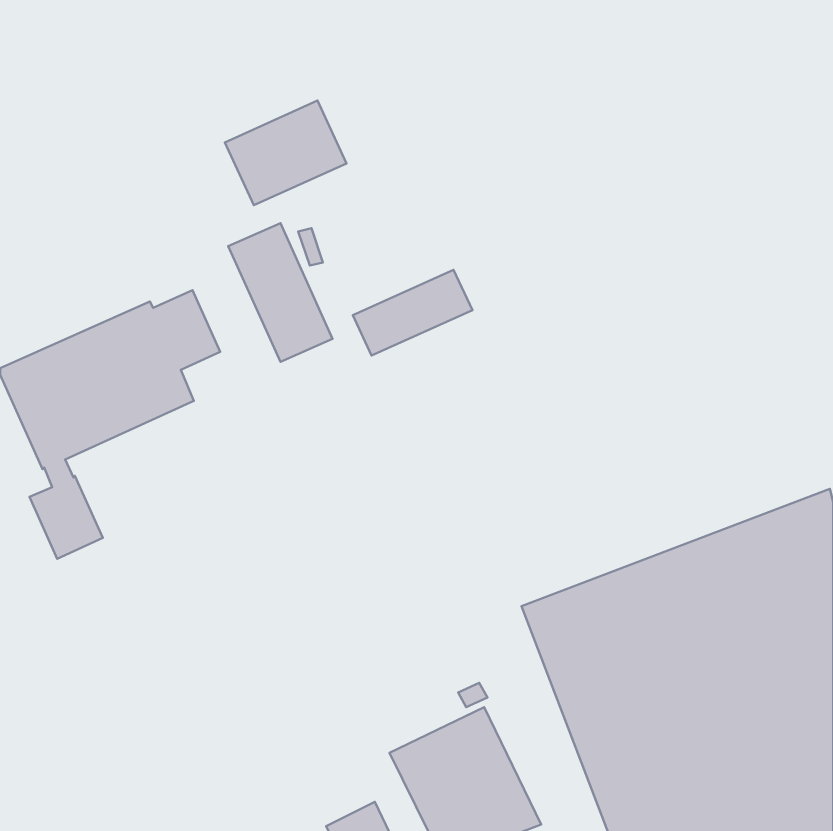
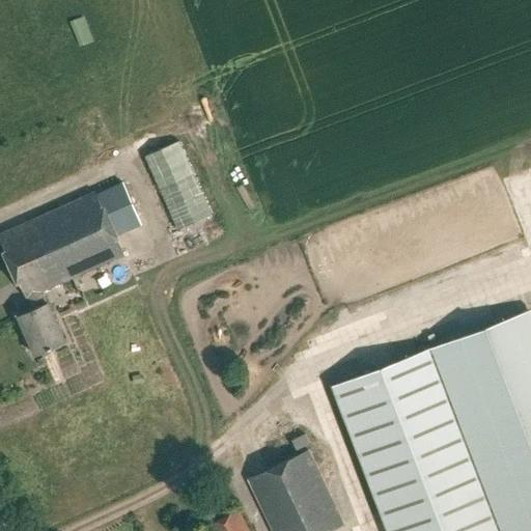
building: [225,101,346,205] -> none
building: [353,270,472,355] -> none

